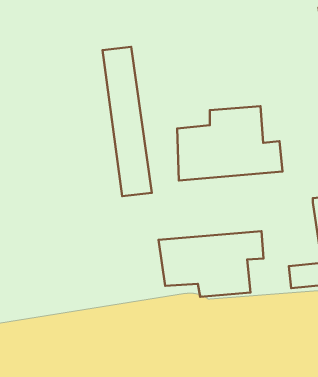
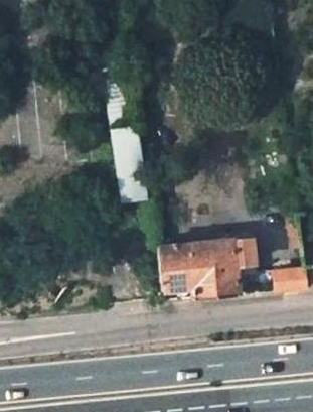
building: [177,106,282,180] -> none

